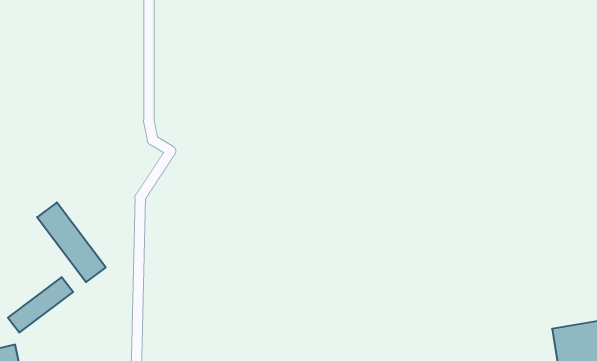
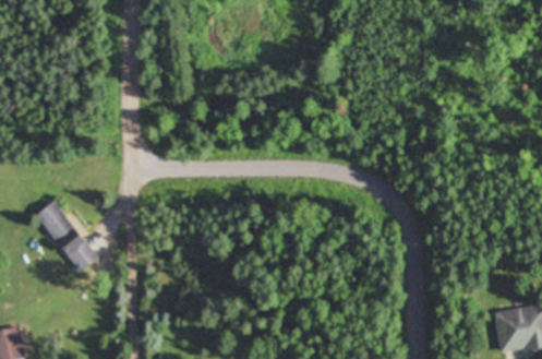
building: [8,277,73,333] -> none

